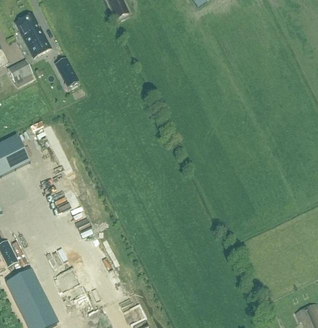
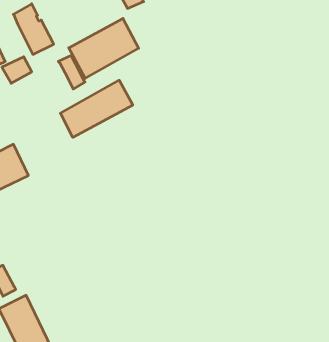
building: none -> [69,18,139,78]
building: none -> [60,80,133,137]

